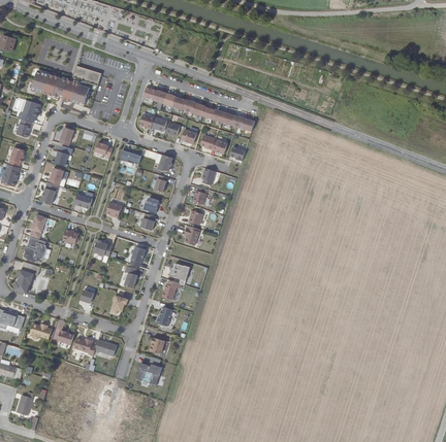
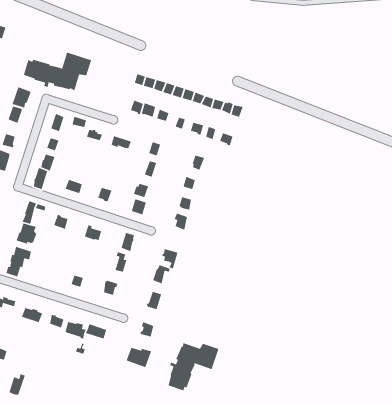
building: none -> [167,342,219,392]

